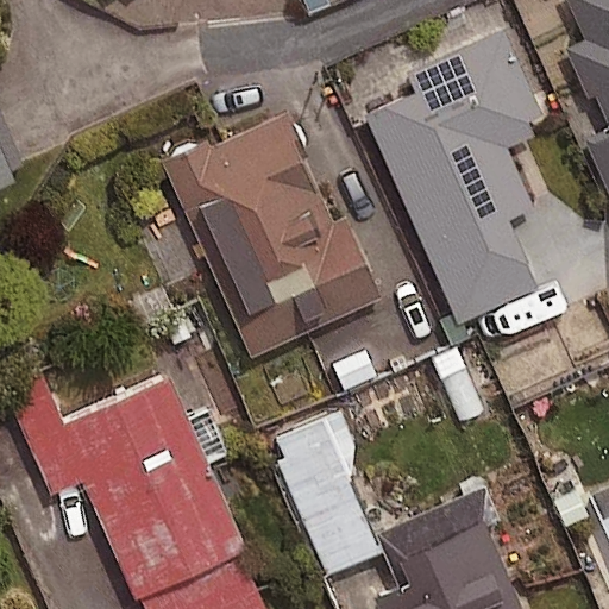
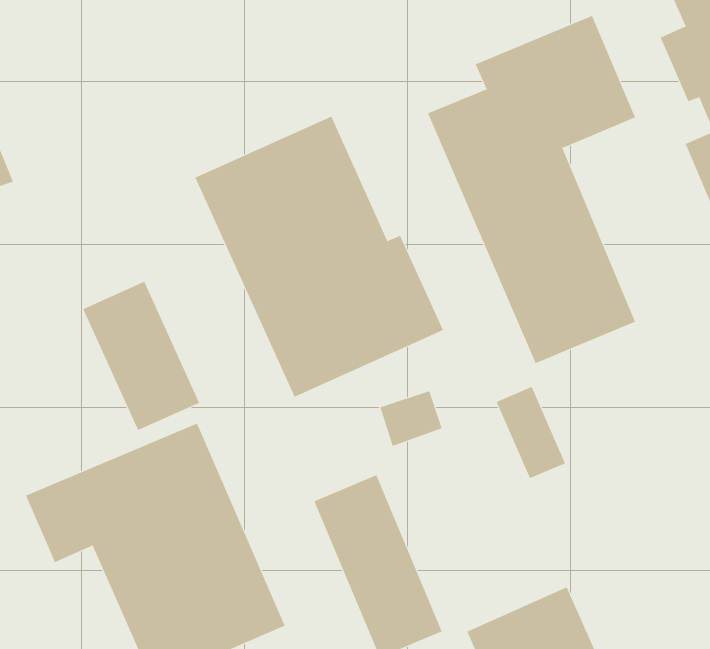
building: none -> [83,281,200,431]

